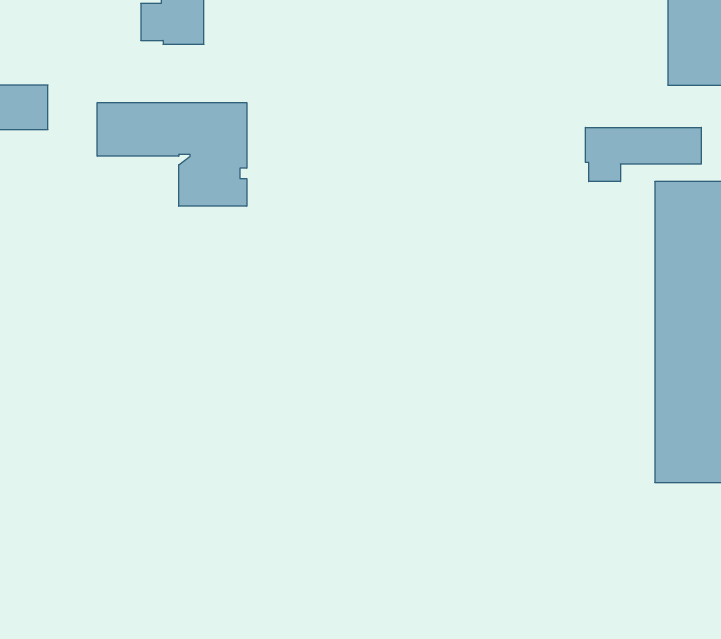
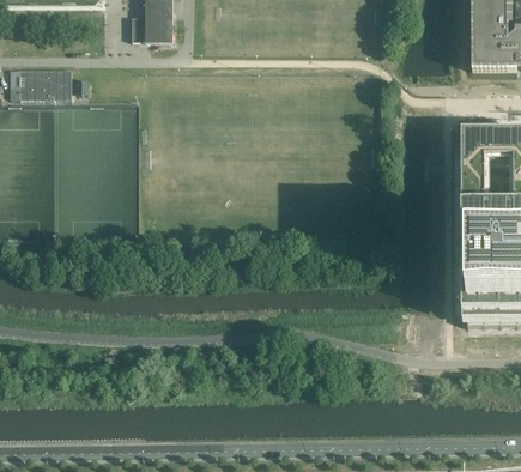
building: [97,103,247,206] -> none
building: [585,127,701,182] -> none

